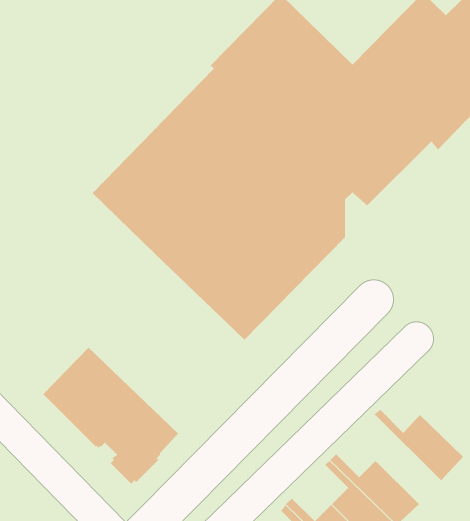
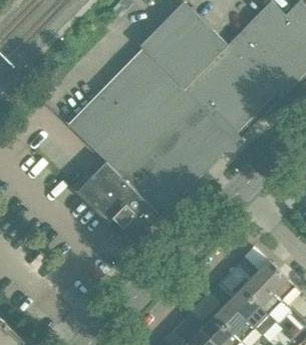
building: [43,347,179,484] -> [77,161,161,246]
building: none -> [236,260,281,315]

